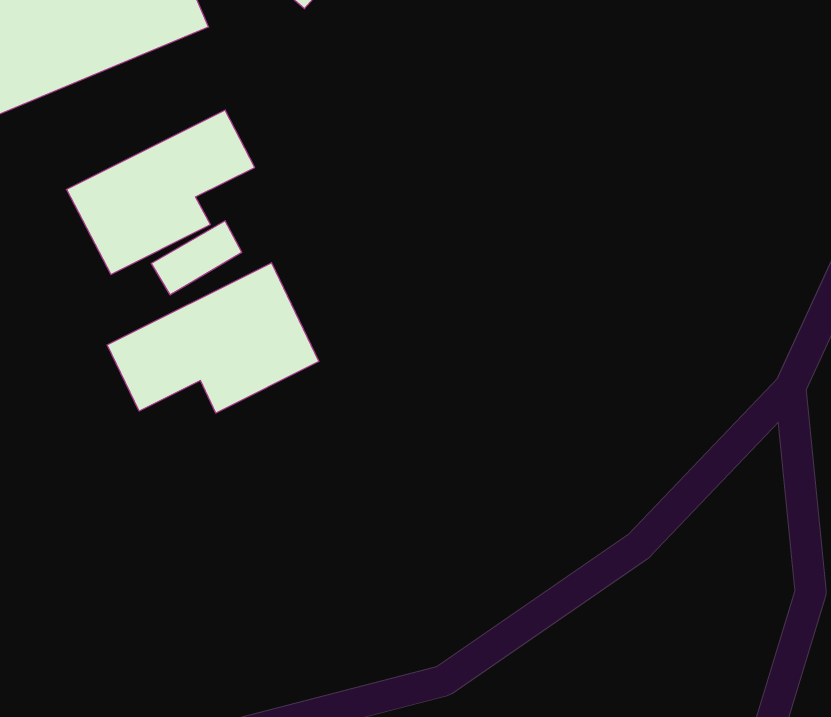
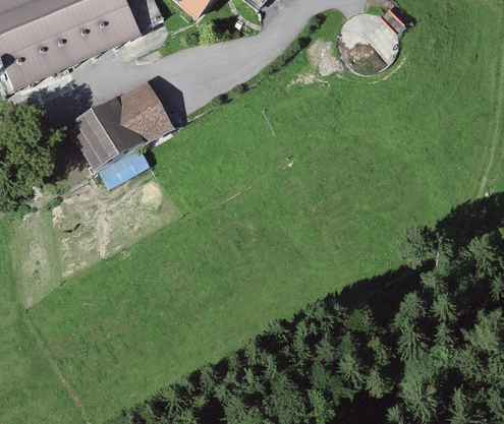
building: [107,263,319,413] -> none

